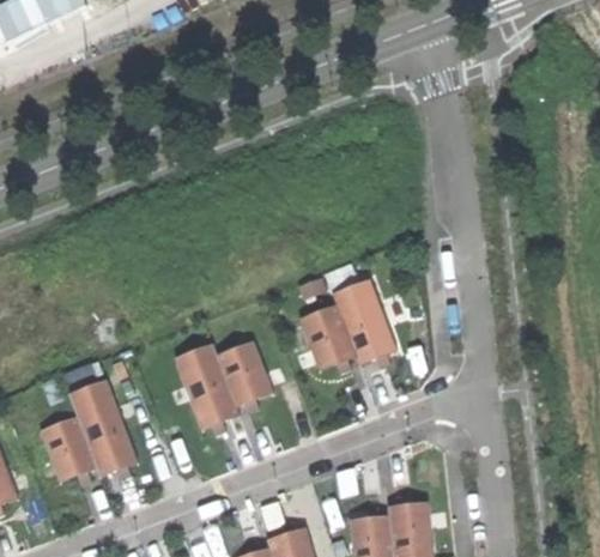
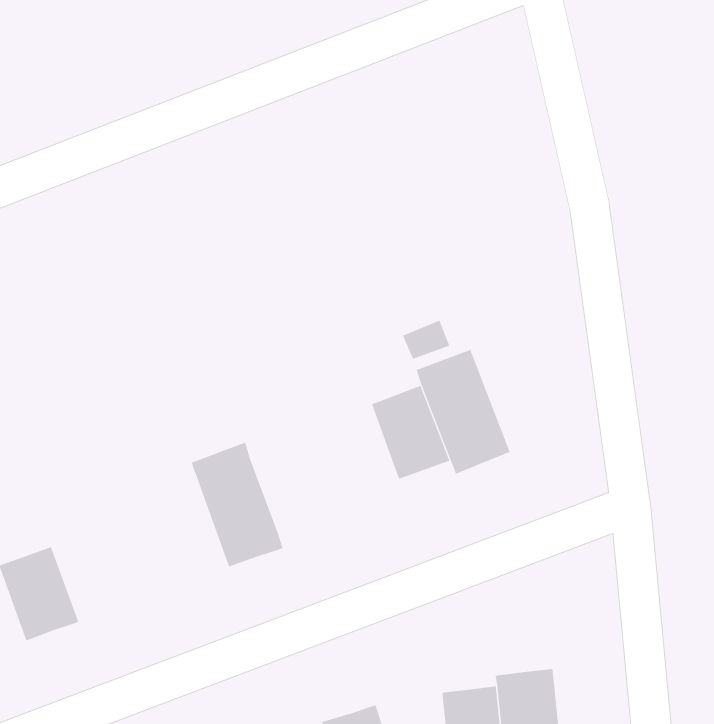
building: [217,343,272,407] -> none
building: [69,380,137,477] -> none

